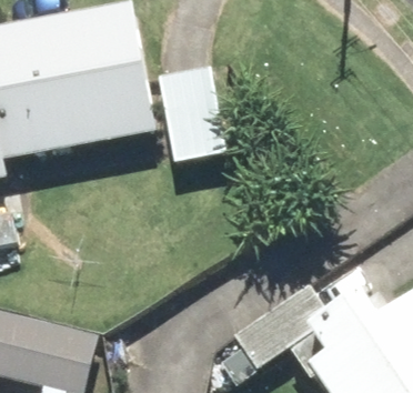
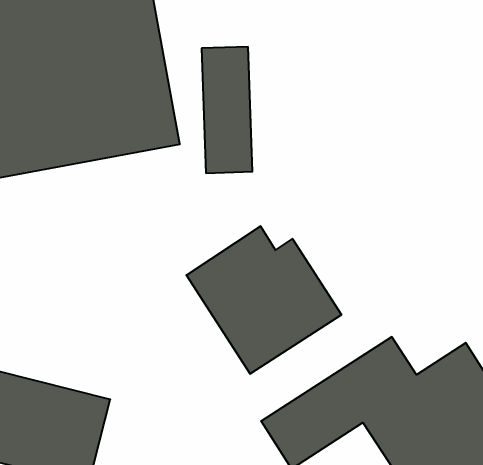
building: none -> [186,226,341,374]

